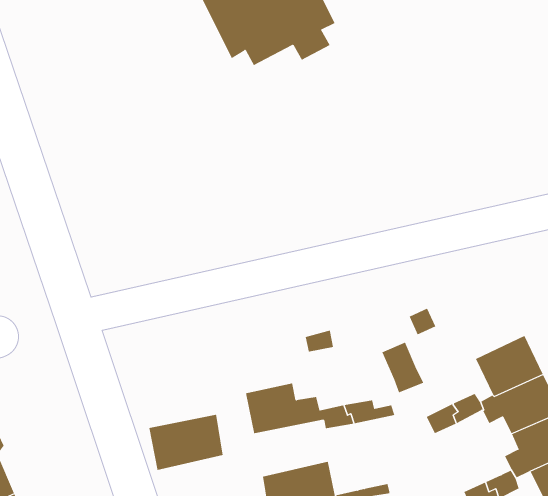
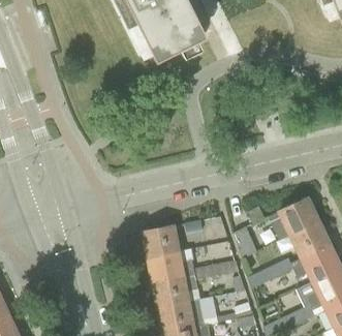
building: none -> [271,197,320,240]
building: none -> [146,225,180,257]
building: [148,414,223,470] -> [156,274,201,308]

